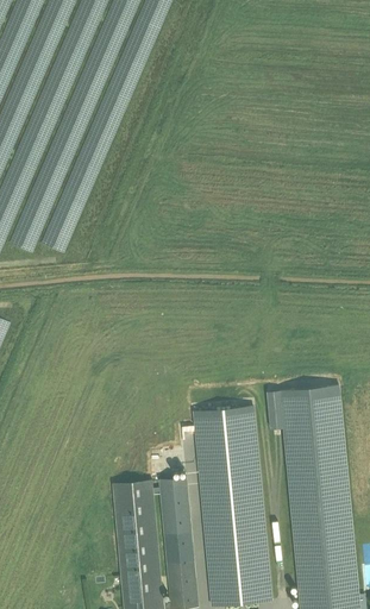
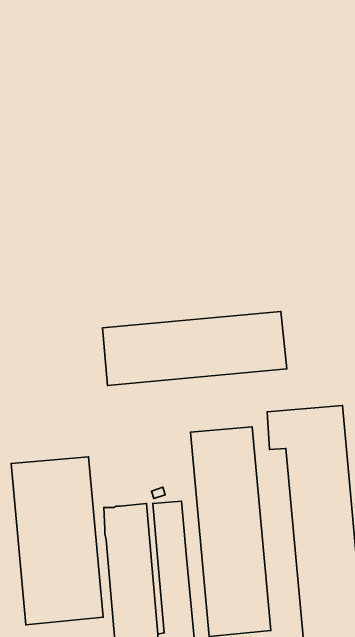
building: none -> [103,312,287,385]
building: none -> [11,457,103,625]

